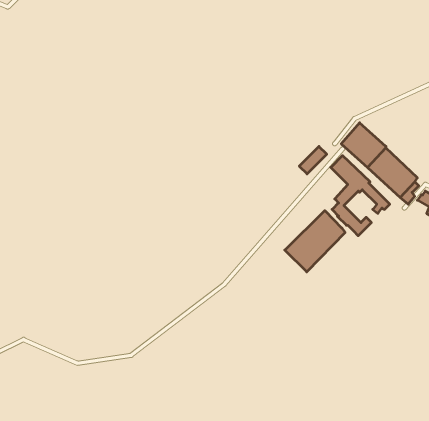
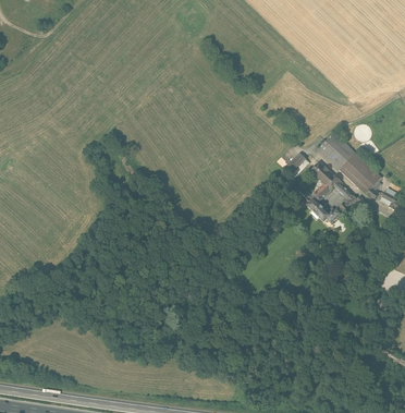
building: [285,211,345,272] -> none

